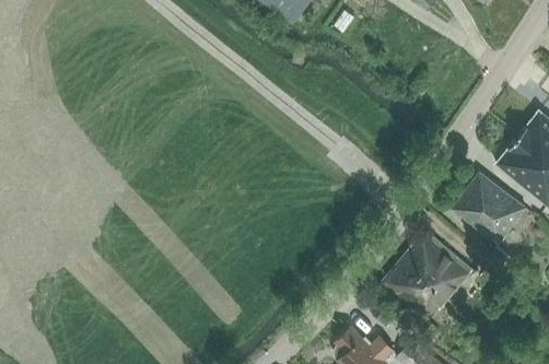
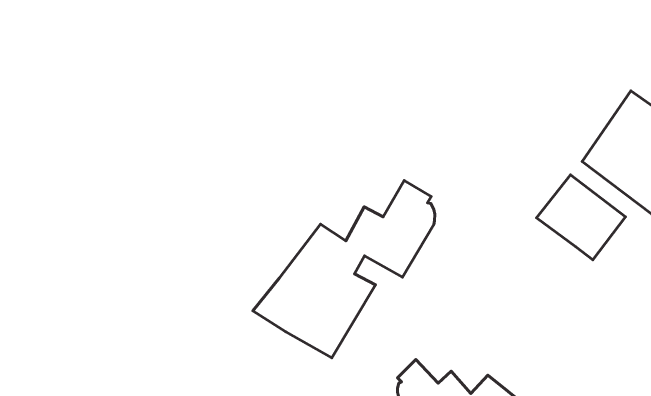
building: none -> [253,181,435,358]
building: [381,231,471,321] -> none

